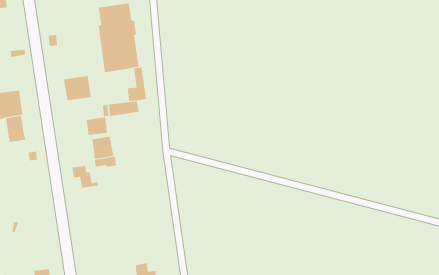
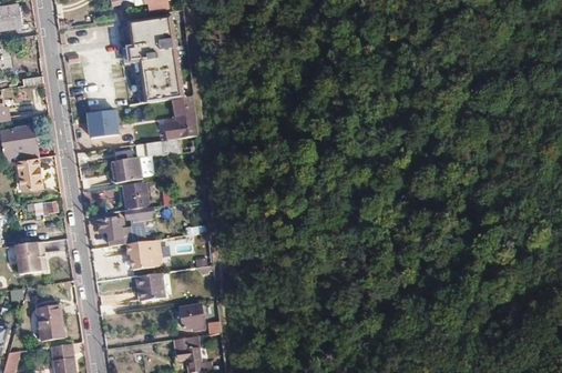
building: none -> [126,239,154,268]
building: none -> [16,241,42,273]
building: none -> [136,271,165,300]
building: none -> [180,303,205,329]
building: none -> [37,304,64,340]

